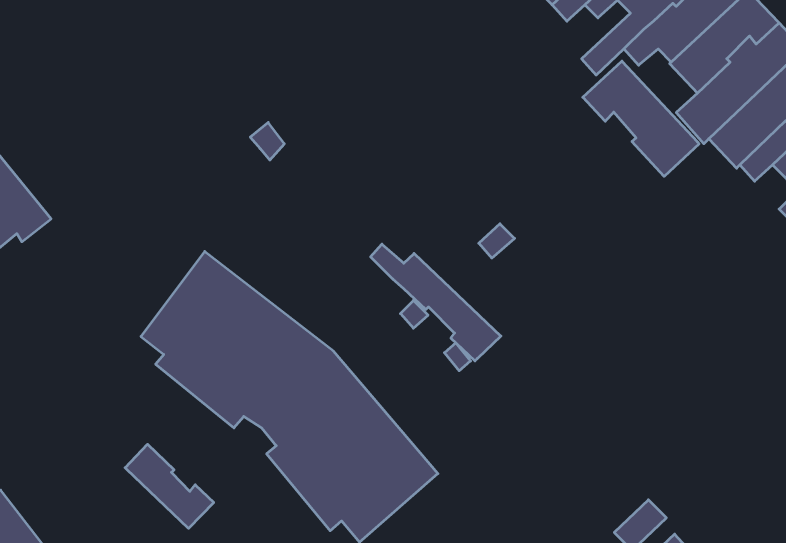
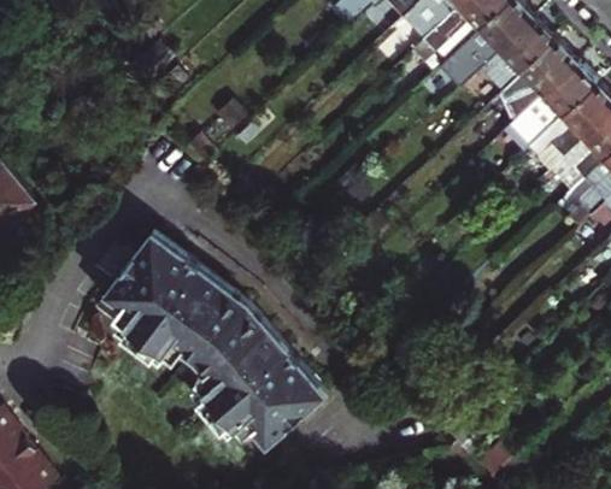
building: [583,61,699,176] -> none
building: [371,244,501,361] -> none
building: [125,444,214,528] -> none

